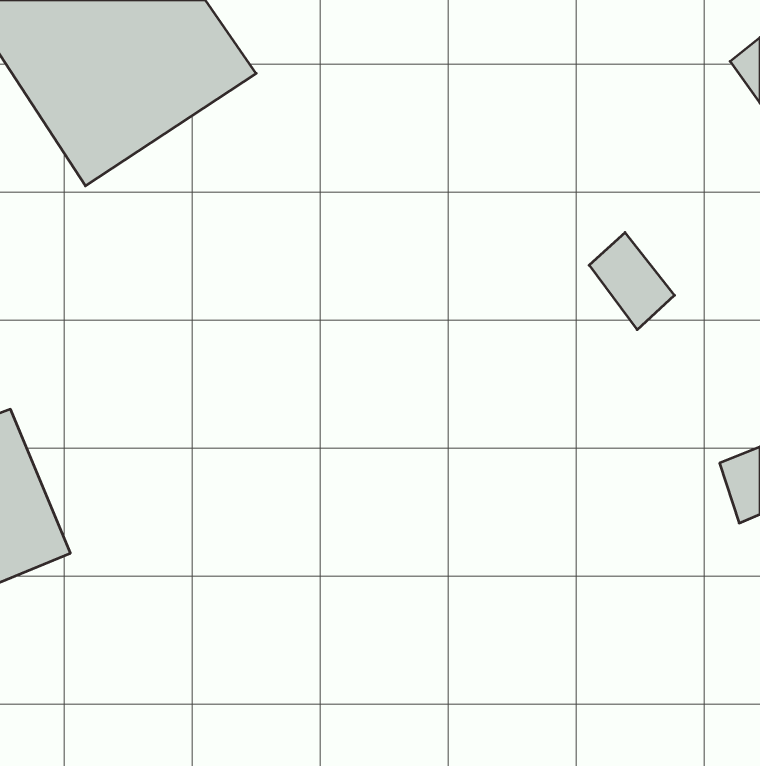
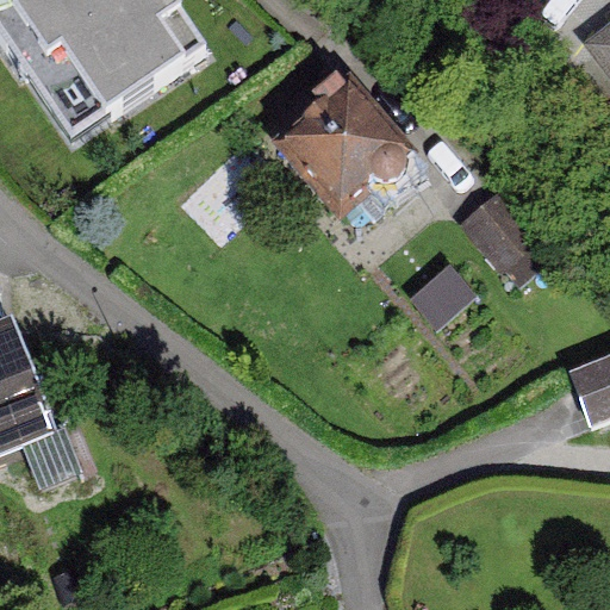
building: none -> [281,74,412,208]

